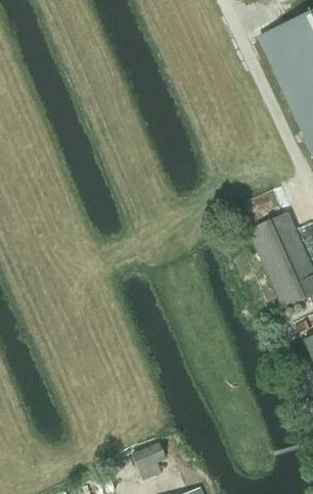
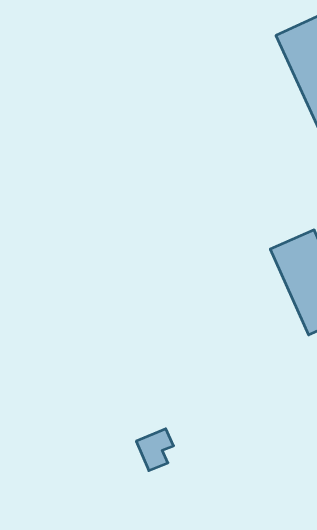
building: [133,440,167,478] -> [136,429,174,471]

